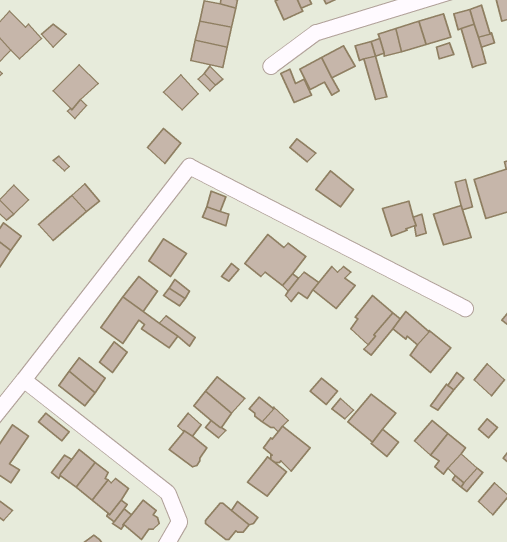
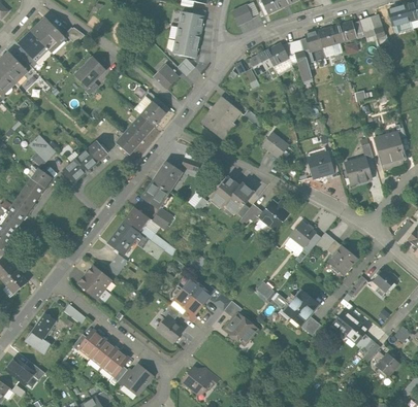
building: none -> [201,97,240,137]
building: none -> [117,115,154,155]
building: none -> [153,161,182,191]
building: [247,457,287,496] -> none

